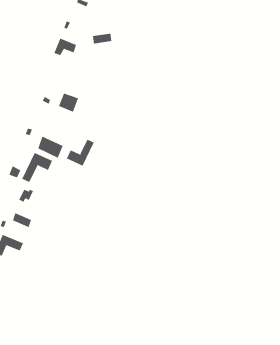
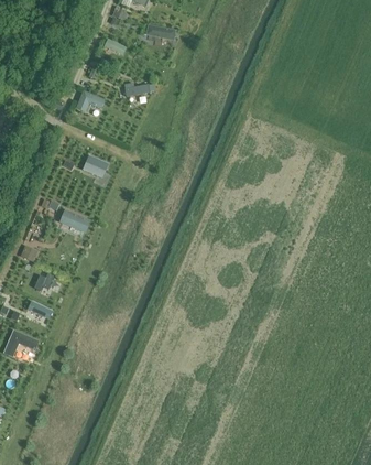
building: [66,139,94,167] -> none
building: [22,152,53,183] -> none

